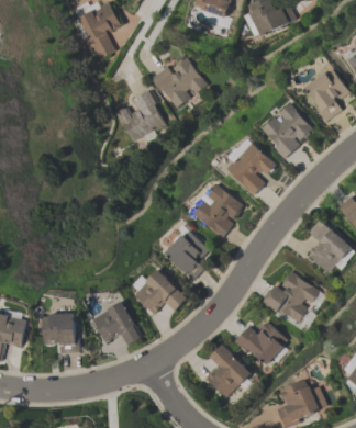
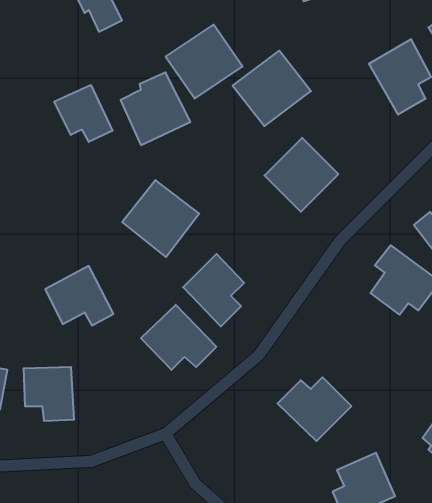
building: none -> [54,85,112,142]
building: [258,102,318,159] -> [233,51,311,126]
building: [189,181,247,239] -> [122,180,199,257]
building: [262,267,327,333] -> none
building: [91,301,143,346] -> [45,266,113,325]
building: [204,343,253,399] -> none

